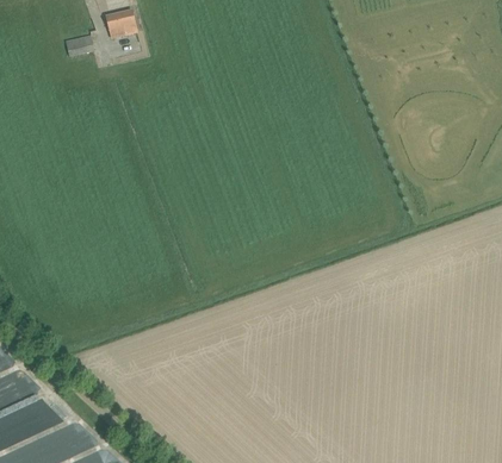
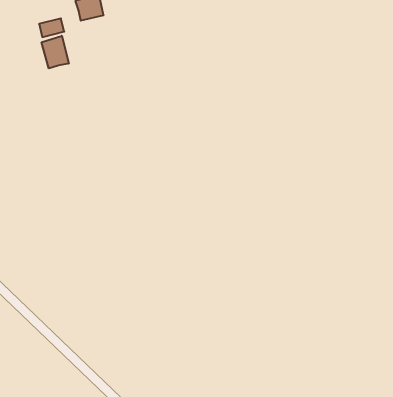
building: none -> [42,36,69,68]

